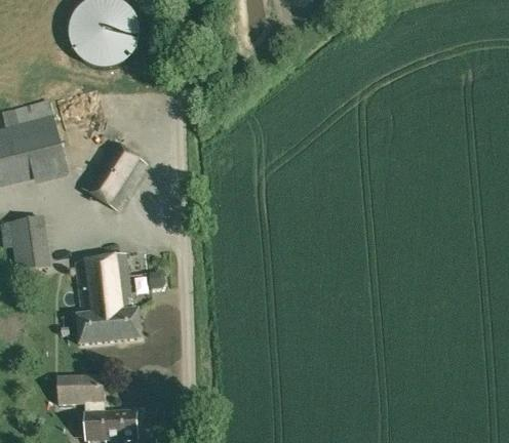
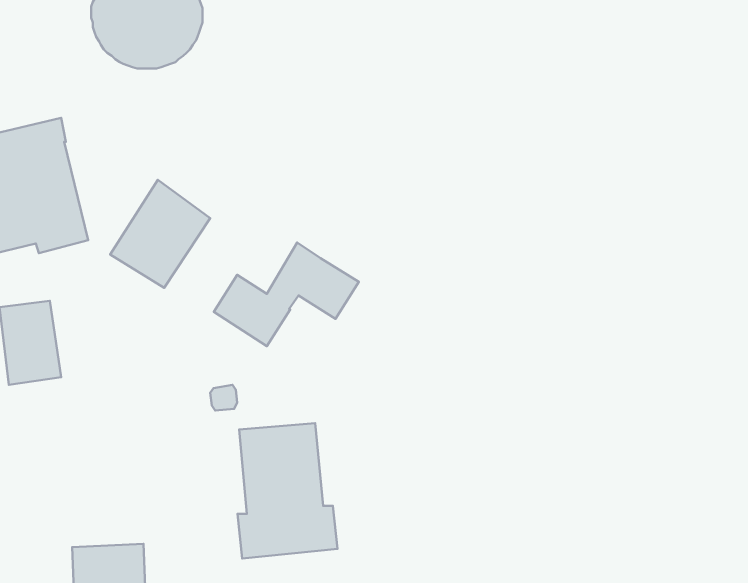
building: none -> [214,243,359,346]
building: [76,255,141,343] -> [237,423,337,558]

